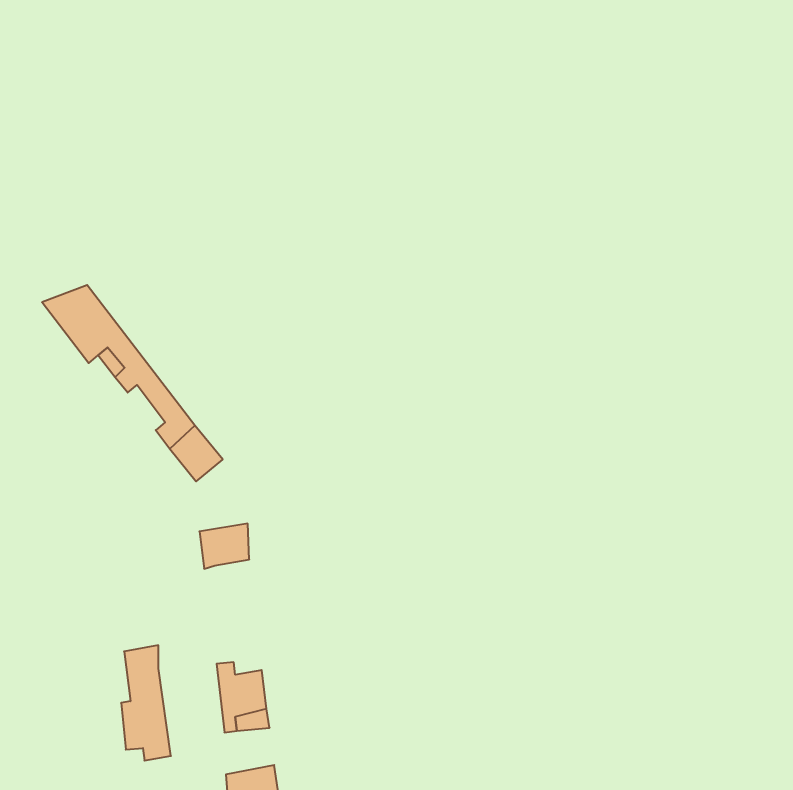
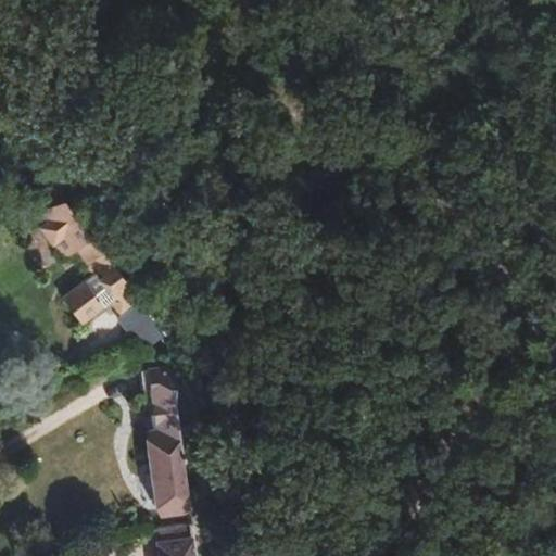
building: none -> [63,273,117,326]
building: [121,645,171,761] -> [150,394,185,475]

